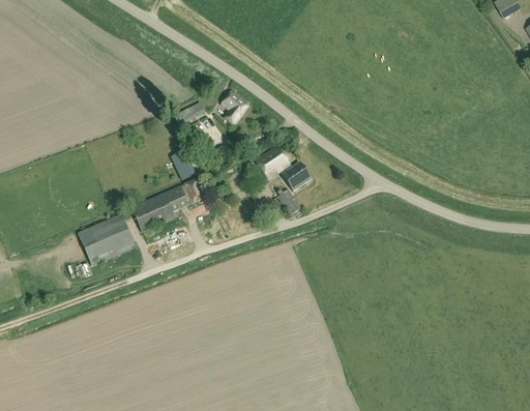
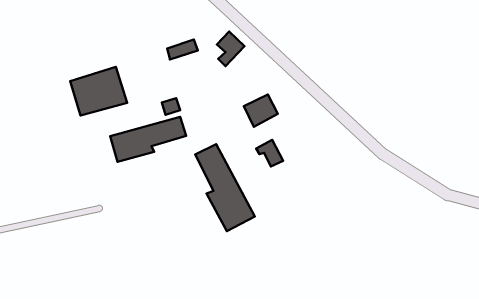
building: [282,163,311,192] -> none
building: none -> [195,144,255,231]
building: [78,213,136,265] -> [70,67,127,116]

